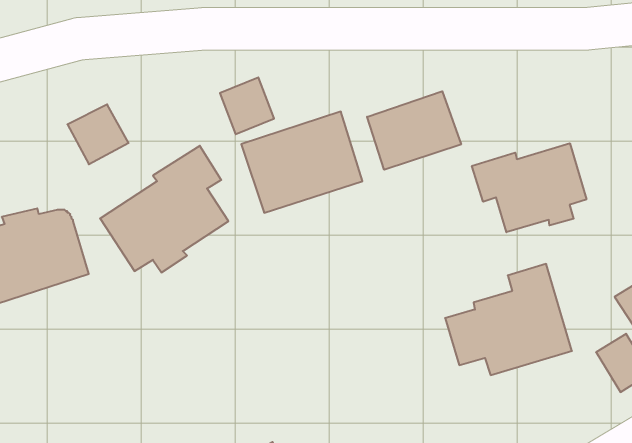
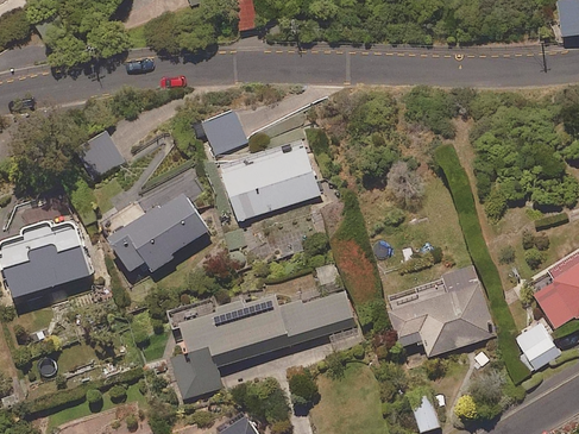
building: [367,91,461,170] -> none
building: [472,143,586,232] -> none
building: none -> [165,265,363,402]

